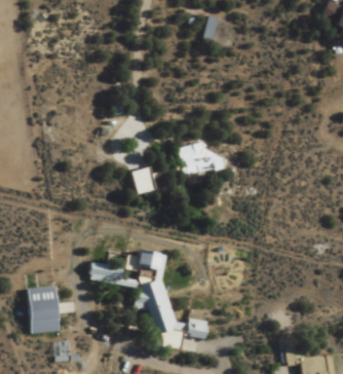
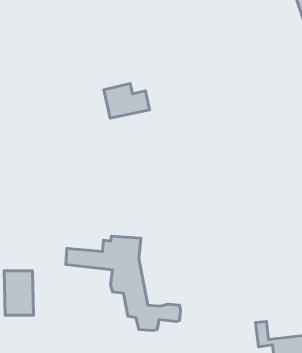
building: [178,143,224,178] -> [104,84,150,118]
building: [135,167,156,194] -> none

